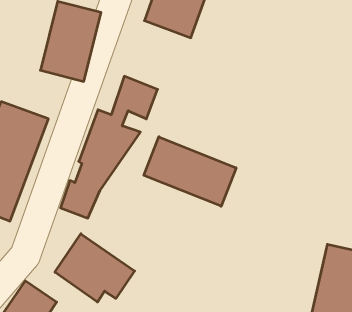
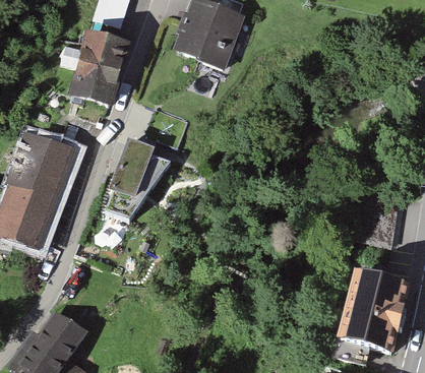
building: [144,137,236,206] -> none
building: [55,234,135,302] -> none

